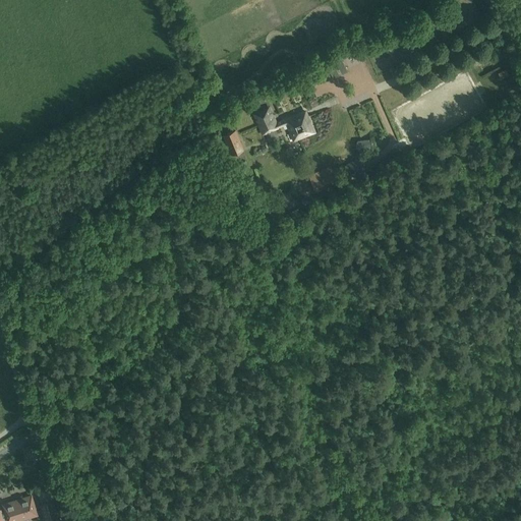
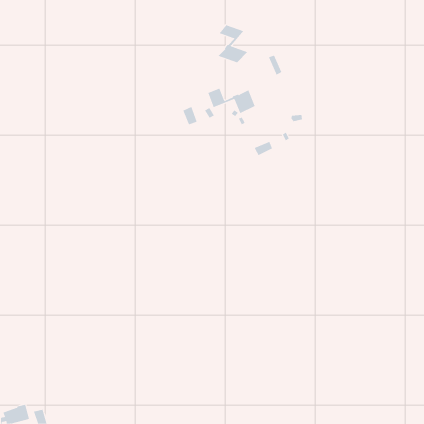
building: none -> [217,25,248,63]

